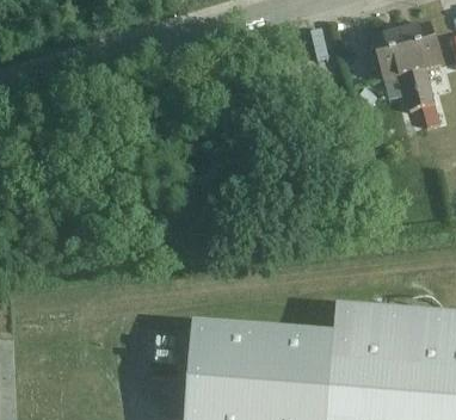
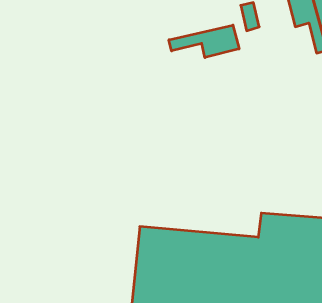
building: none -> [169,25,239,58]

